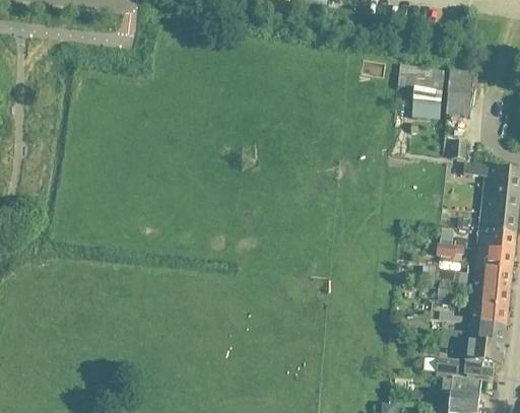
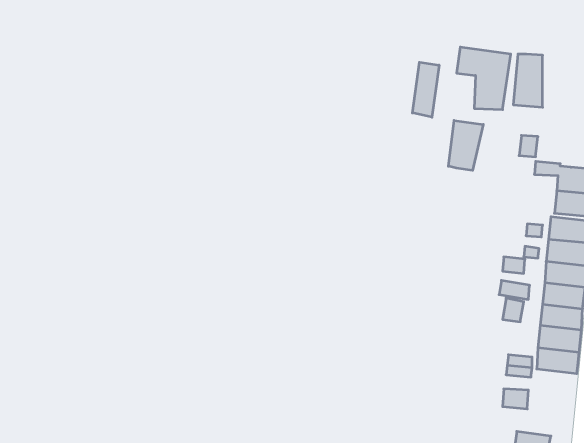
building: none -> [412,62,439,117]
building: none -> [448,120,483,170]
building: [465,341,502,376] -> none
building: [450,377,481,399] -> none

